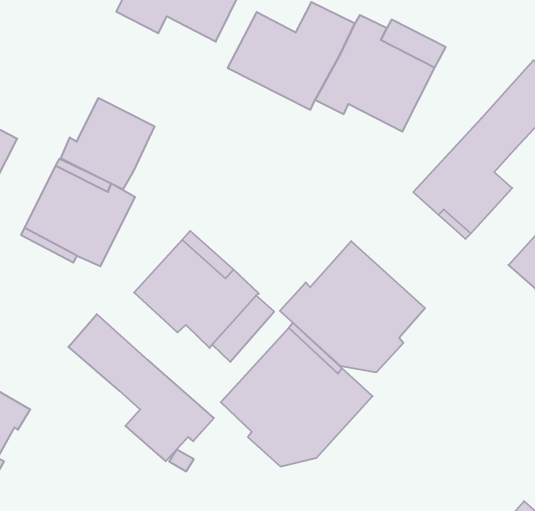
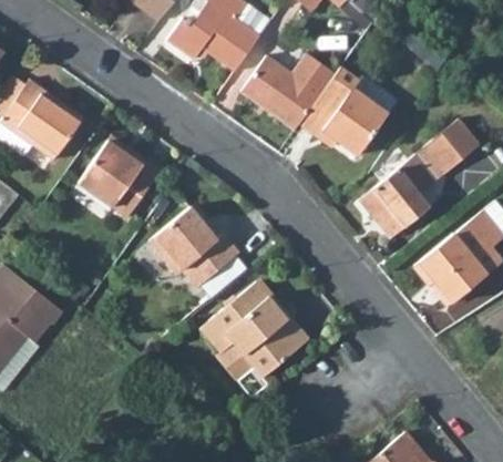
building: [61,98,154,189] -> none
building: [280,241,425,372] -> none
building: [68,314,214,461] -> none

